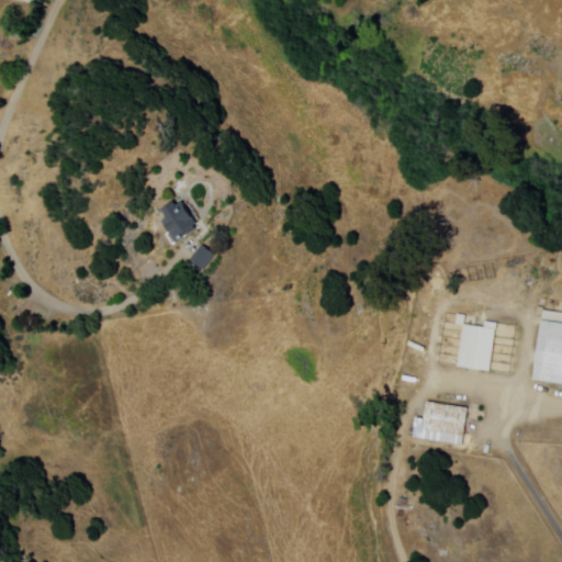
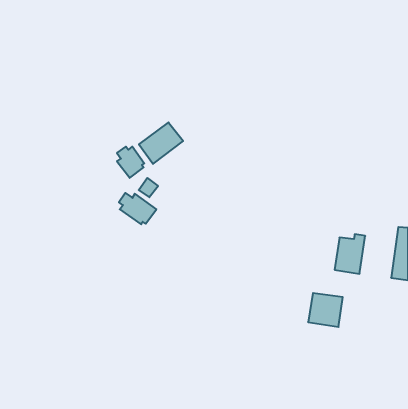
building: none -> [139,122,183,164]
building: none -> [119,193,156,224]

